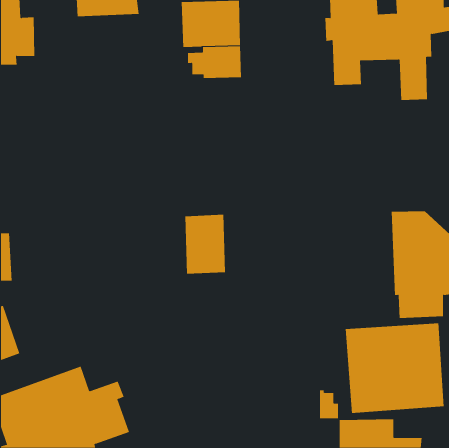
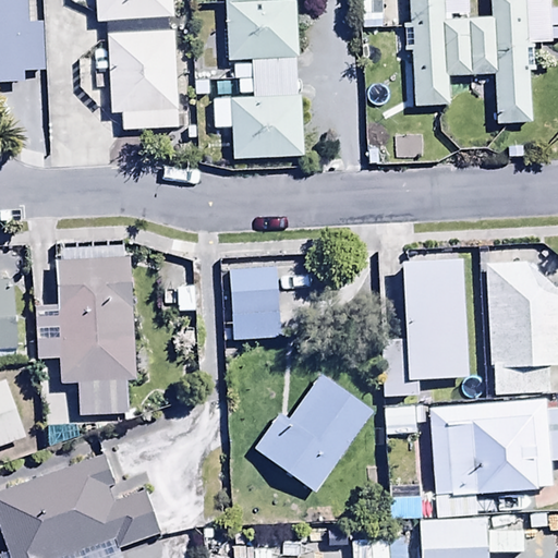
building: none -> [108,31,177,130]
building: none -> [214,96,303,159]
building: none -> [36,245,136,413]
building: none -> [381,257,469,396]
building: none -> [255,372,376,492]

